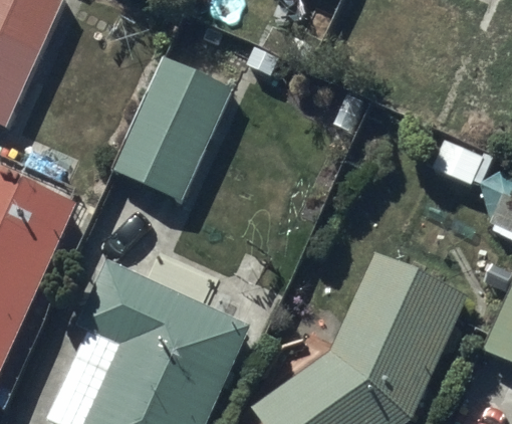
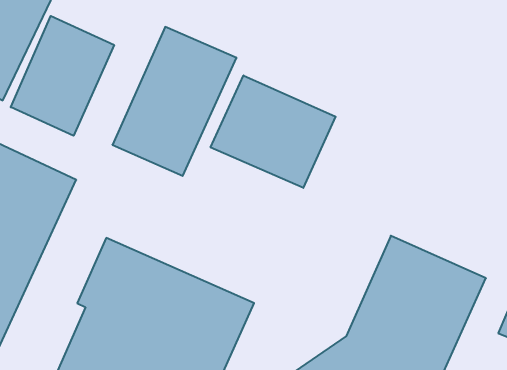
building: none -> [11,16,114,136]
building: none -> [211,75,336,188]

